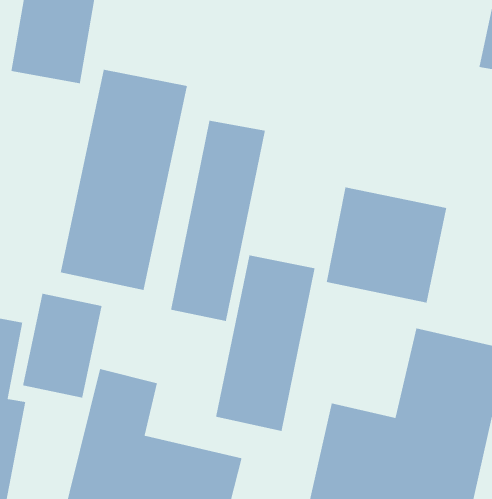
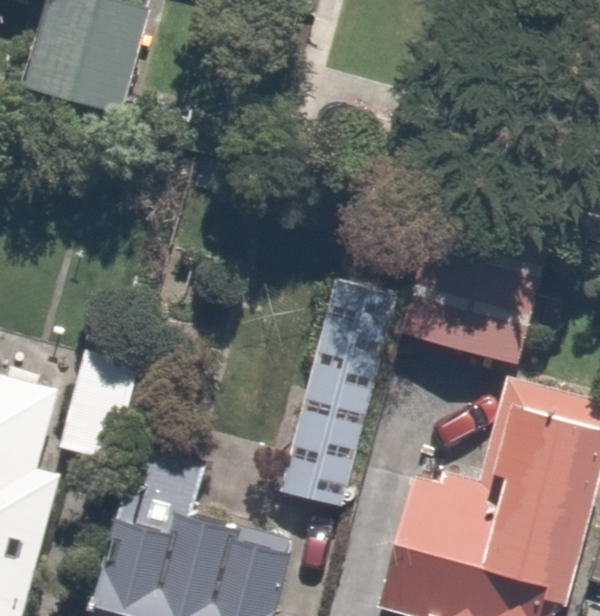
building: [60,69,188,291] -> none
building: [170,120,266,322] -> none

